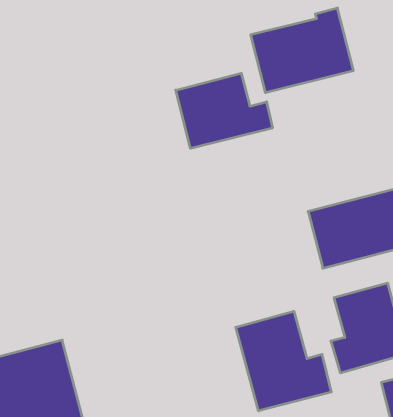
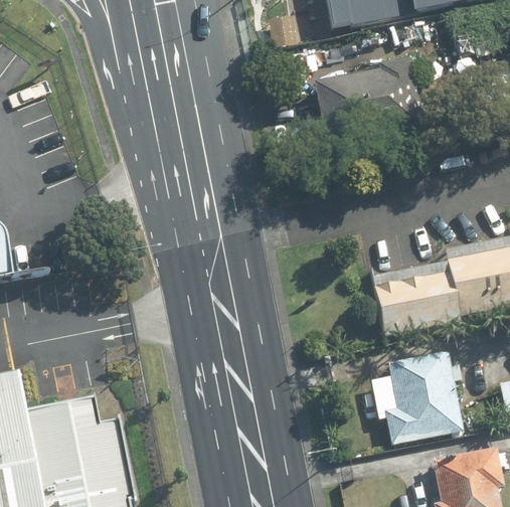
building: [176,73,272,148] -> none
building: [236,311,331,411] -> none

